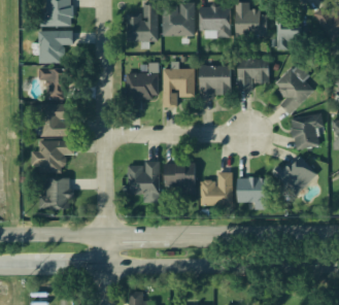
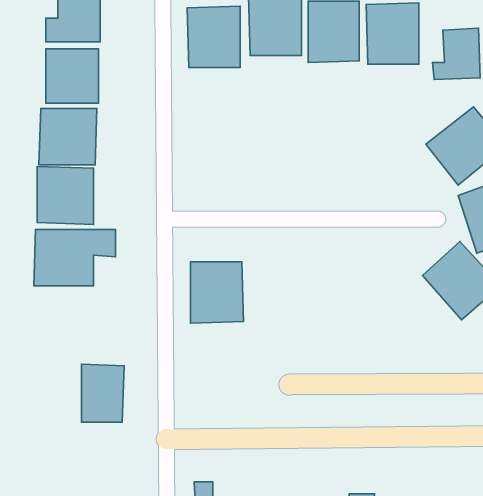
building: [236,61,268,98] -> none
building: [199,62,230,99] -> none
building: [163,68,194,105] -> none
building: [127,69,159,106] -> none
building: [163,164,195,201] -> none
building: [201,173,233,210] -> none
building: [239,176,271,203] -> none
building: [46,177,72,212] -> [81,364,124,422]

